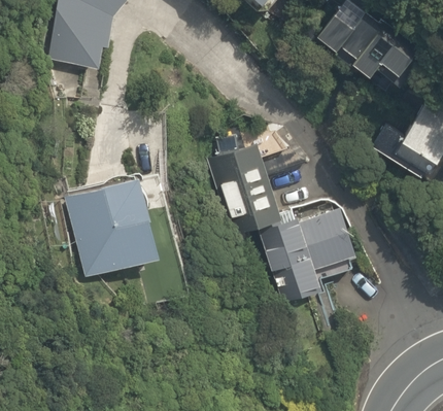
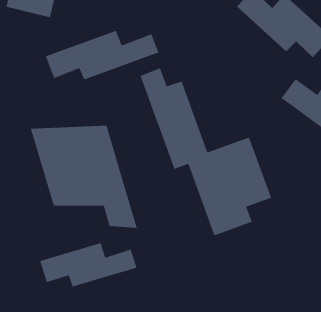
building: none -> [45,30,160,81]
building: none -> [39,242,138,288]

